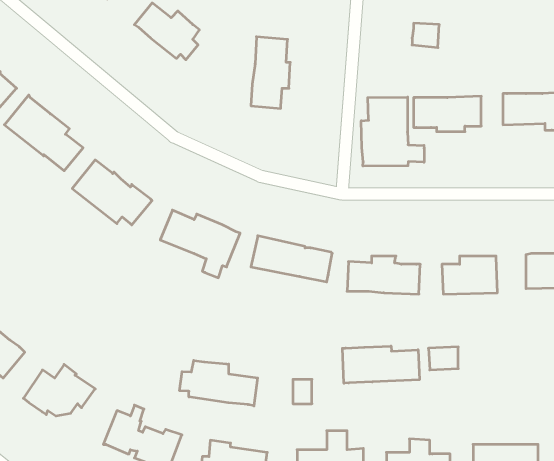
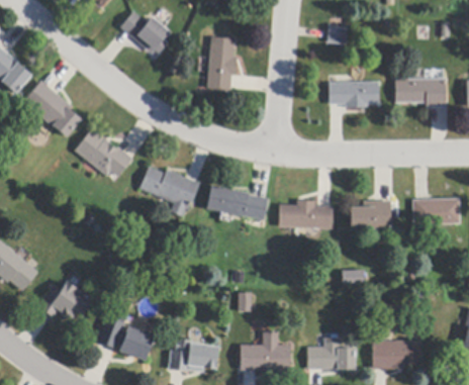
building: [361,97,424,166] -> none
building: [342,346,419,383] -> none
building: [180,360,258,406] -> none

